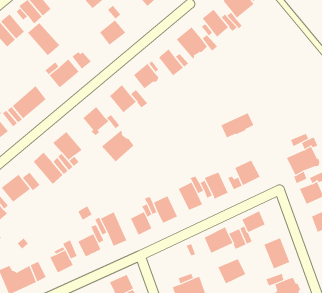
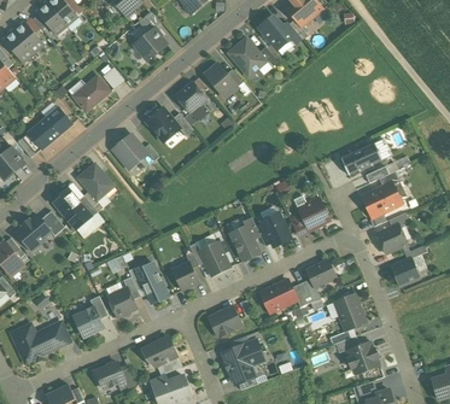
building: [27,22,60,56] -> none
building: [220,112,254,138] -> [340,144,381,175]
building: [101,130,134,162] -> none
building: [217,258,246,284] -> [208,306,242,338]

